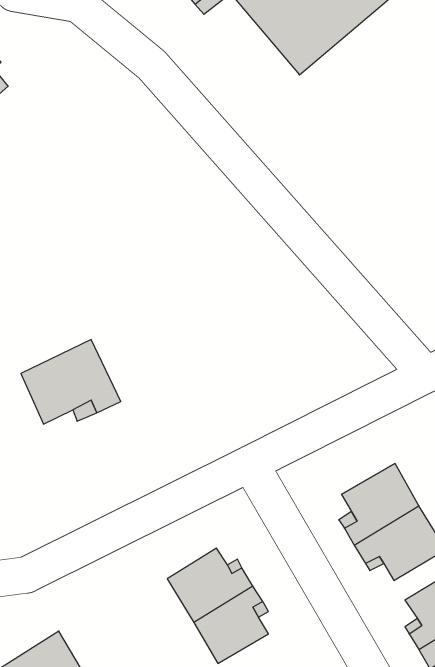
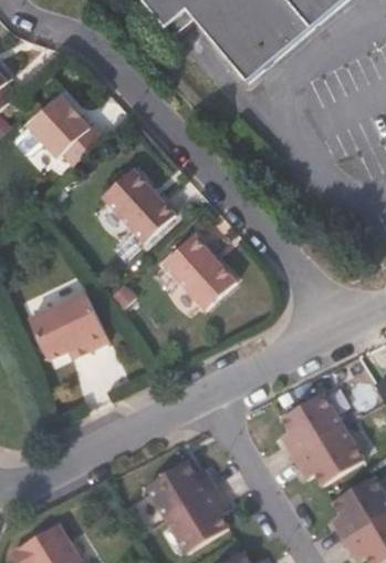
building: none -> [28,98,104,165]
building: none -> [102,168,174,243]
building: none -> [163,235,236,310]

